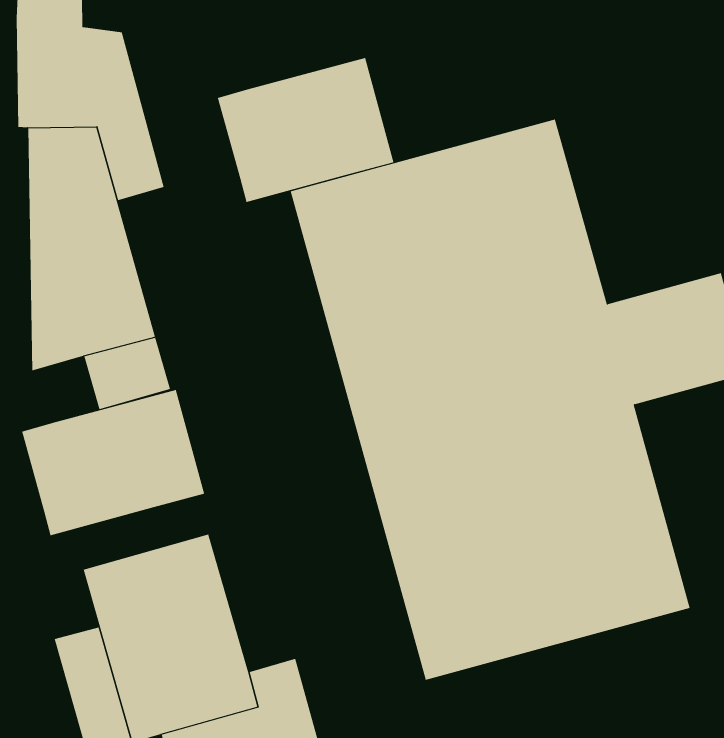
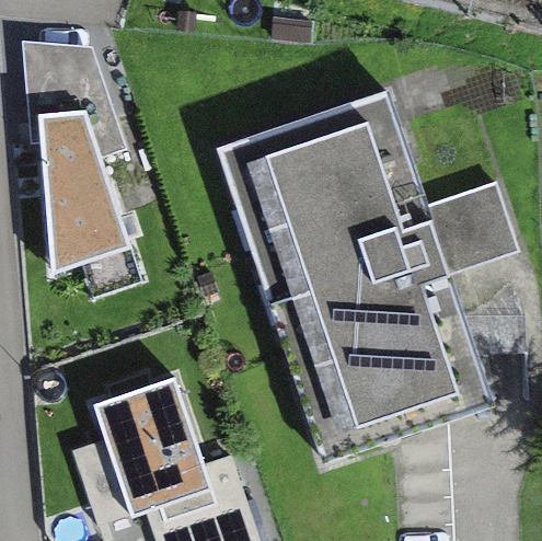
building: [217,57,394,203] -> none
building: [21,389,205,536] -> none

